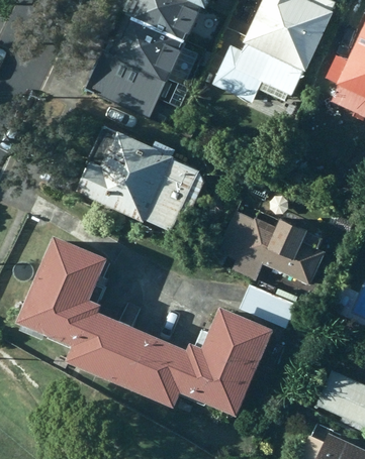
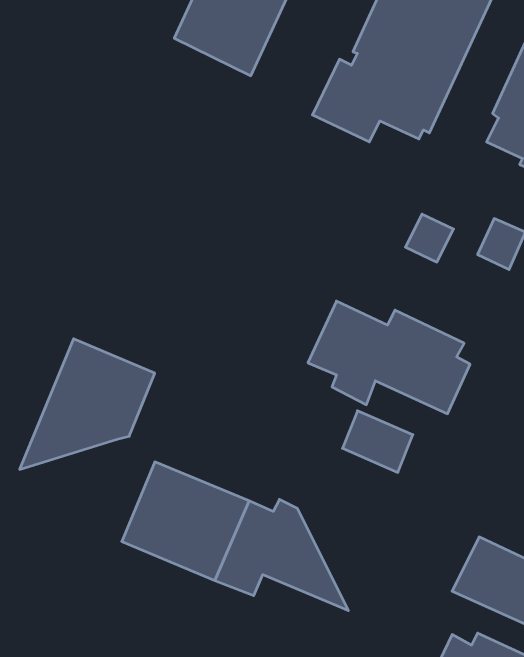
building: [88,33,174,112] -> none
building: [66,124,198,234] -> none
building: [18,301,109,371] -> none
building: [205,308,276,418] -> none

